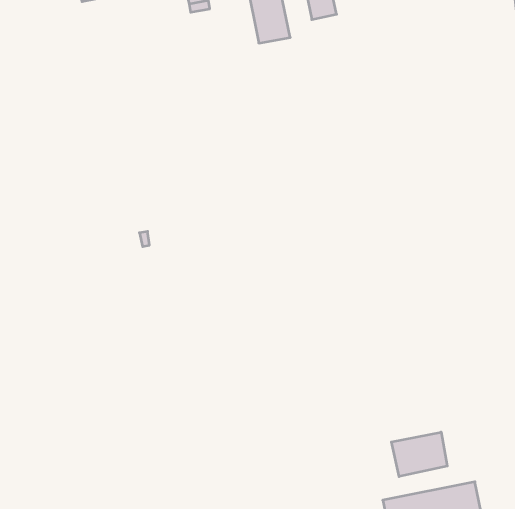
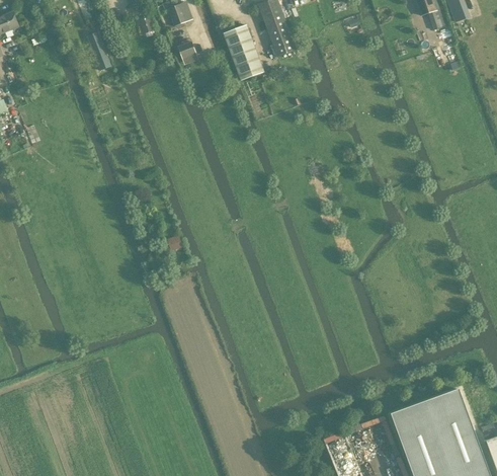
building: [391,432,447,477] -> none

